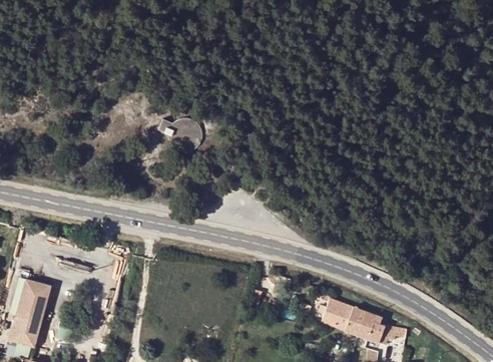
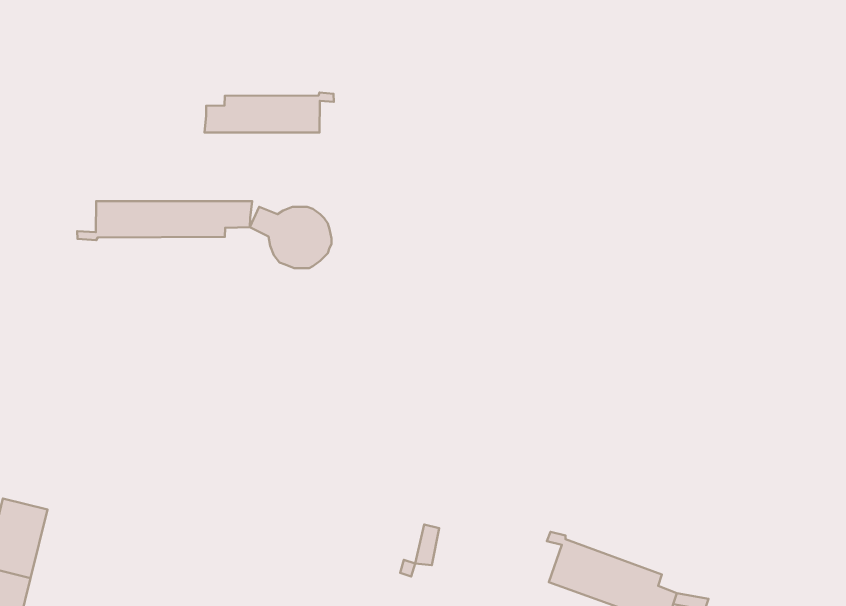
building: none -> [205,93,334,133]
building: none -> [77,201,252,240]

